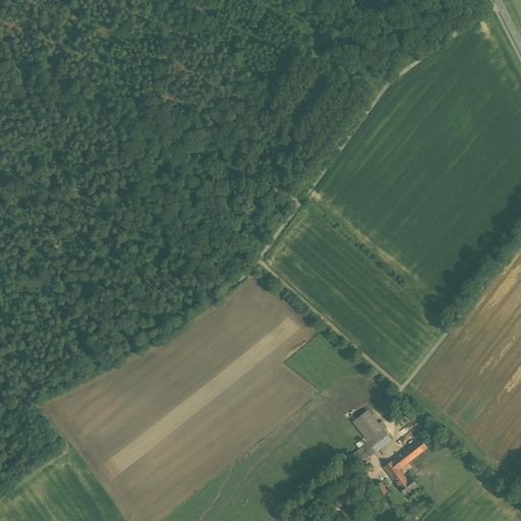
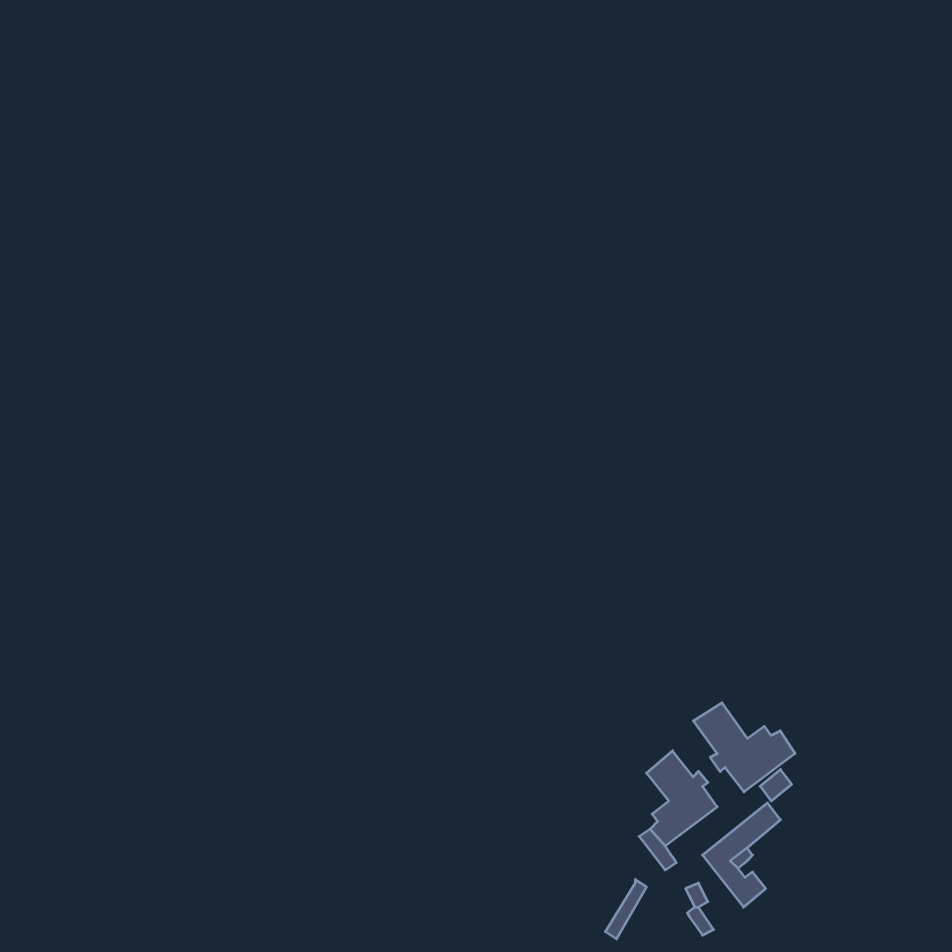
building: none -> [693,703,795,792]

